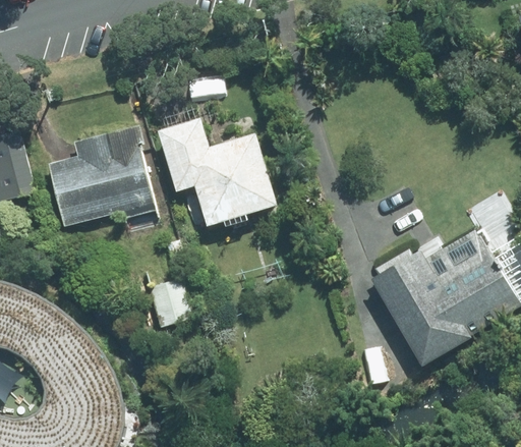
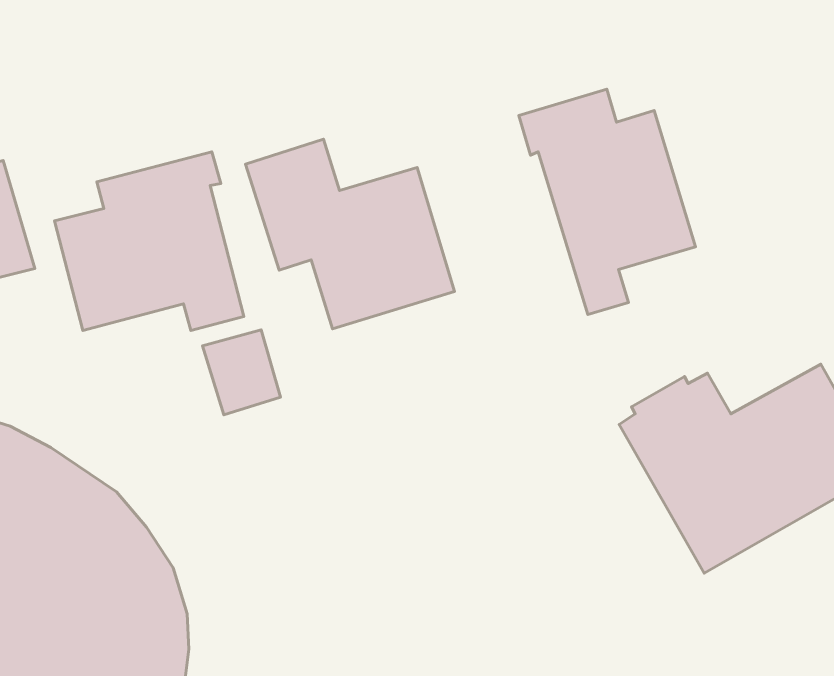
building: none -> [519,89,696,314]
building: [148,278,192,327] -> [203,330,280,415]

